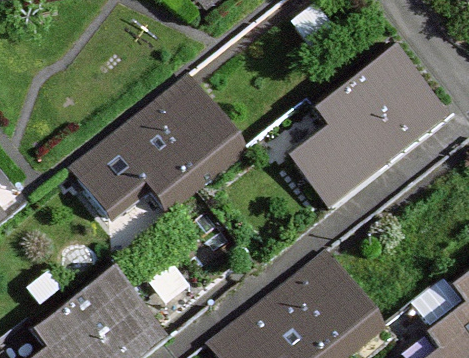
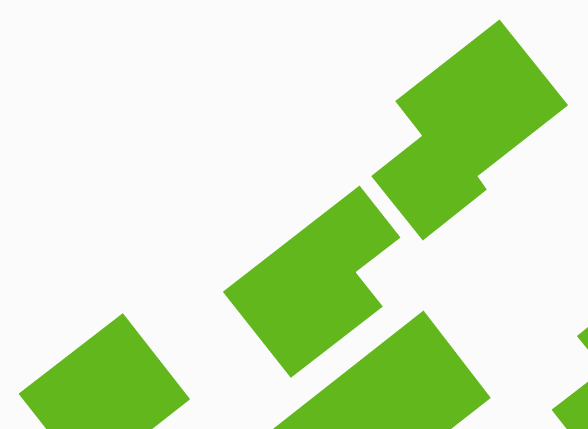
building: [78,84,247,215] -> none
building: none -> [222,185,401,379]

